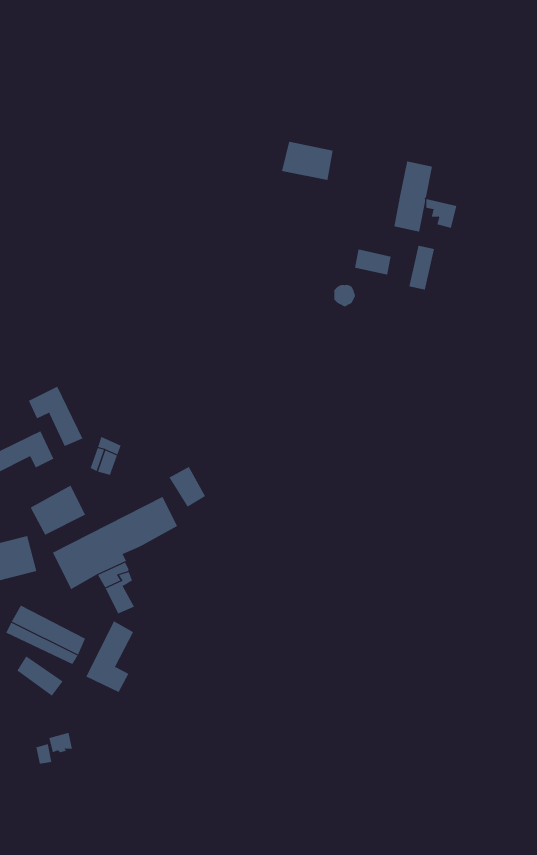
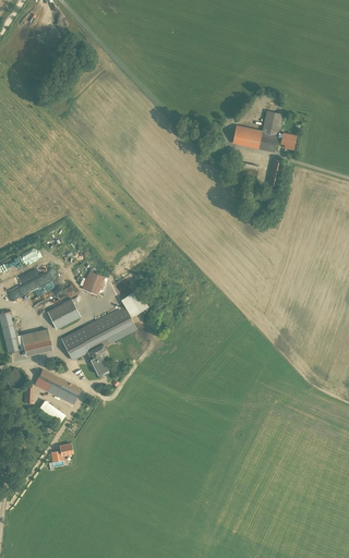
building: [281,141,334,180] -> [230,126,261,149]
building: [28,386,83,447] -> none
building: [86,620,134,693] -> none

